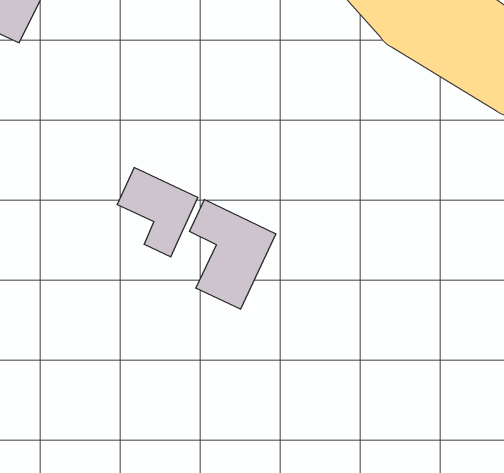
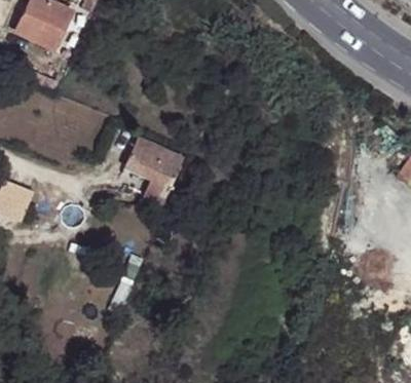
building: [190,199,276,309] -> none

